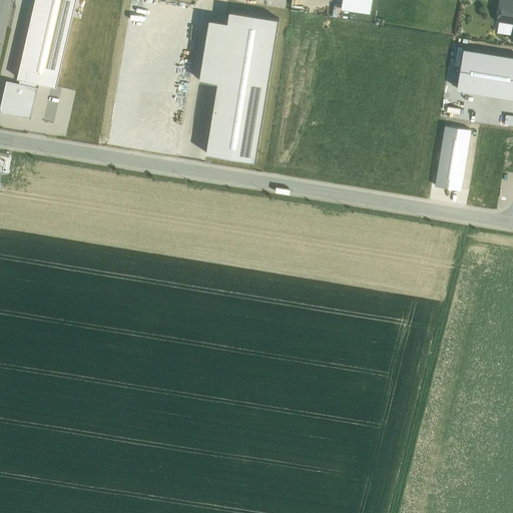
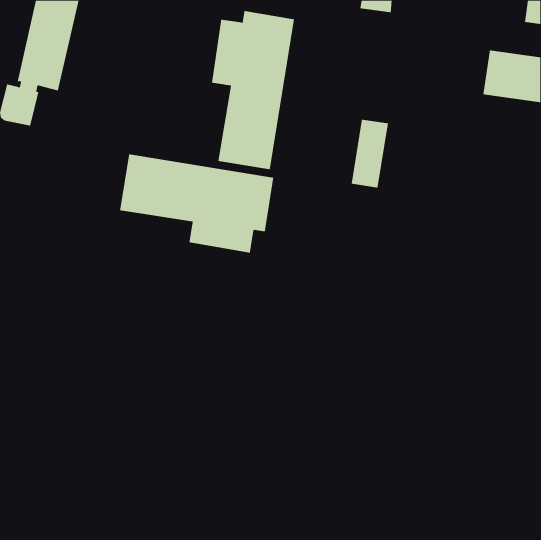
building: [433,126,469,191] -> [351,119,389,188]
building: none -> [119,154,274,253]

